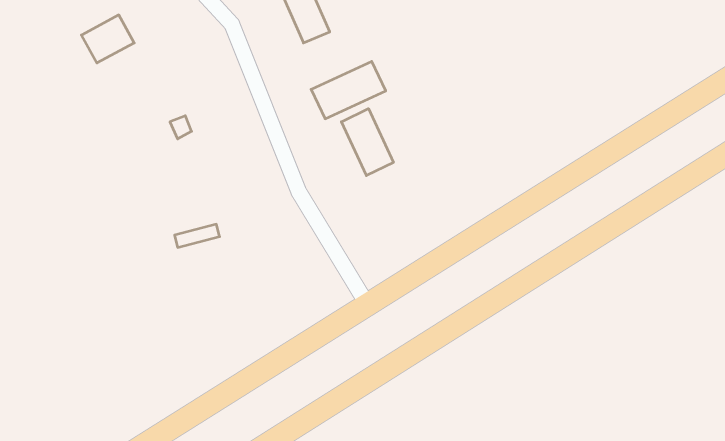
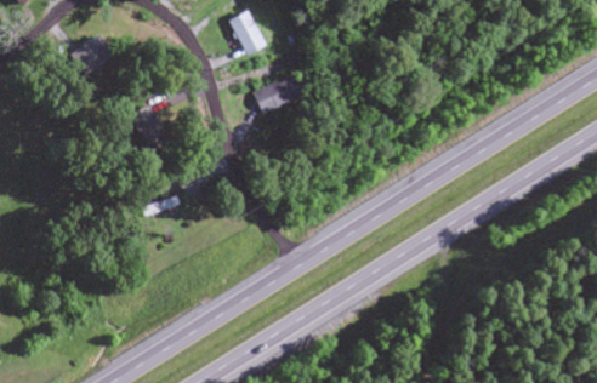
building: [341,109,393,176] -> none

